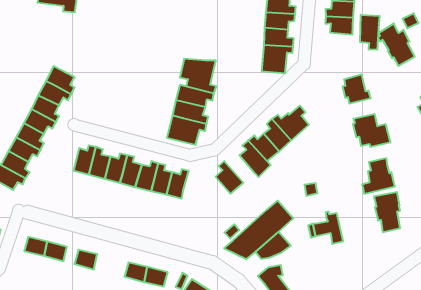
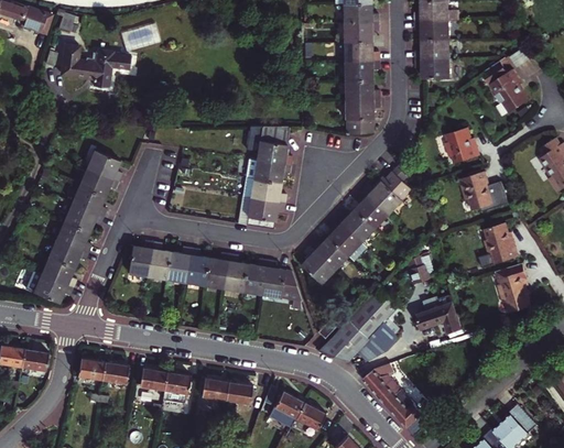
building: [360,15,379,50] -> none
building: none -> [310,237,347,270]
building: none -> [262,261,301,301]
building: none -> [162,371,191,403]

